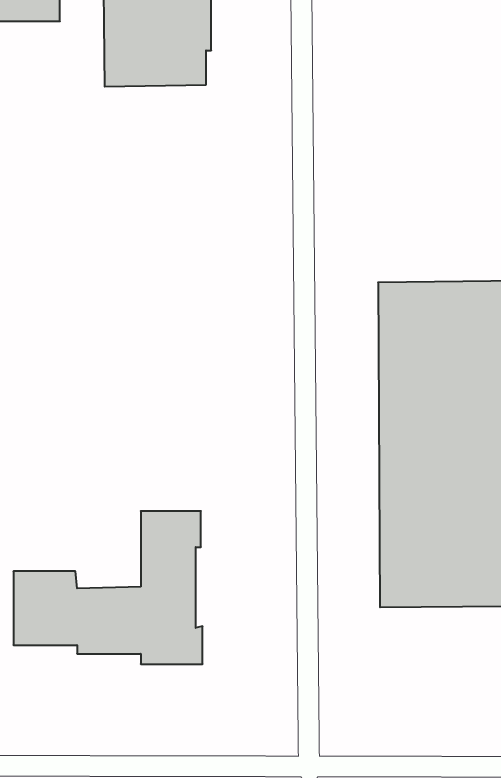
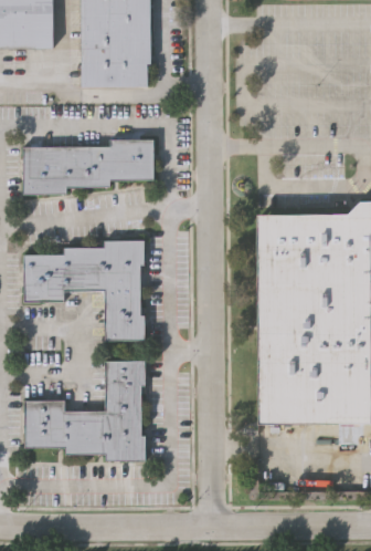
building: none -> [23,139,155,194]
building: none -> [23,240,145,340]

